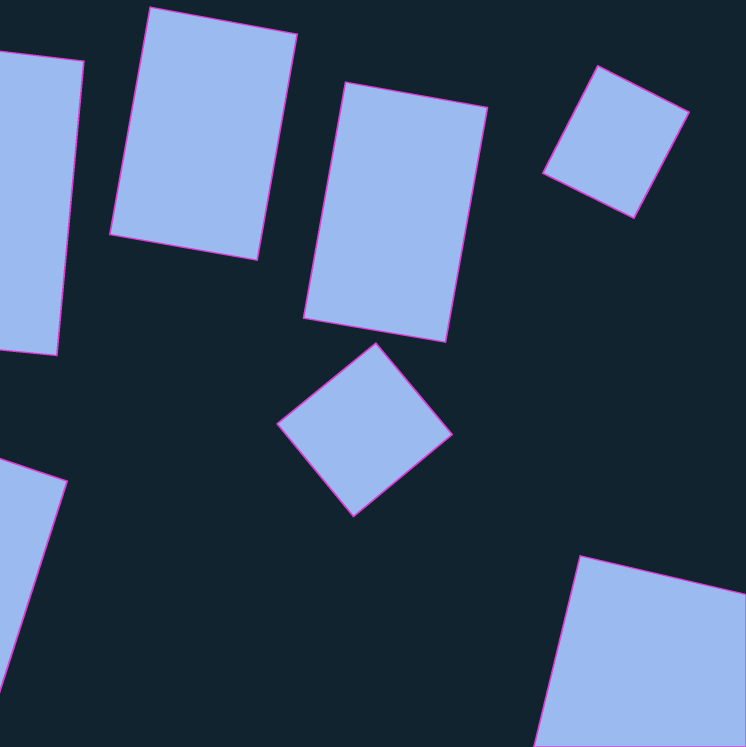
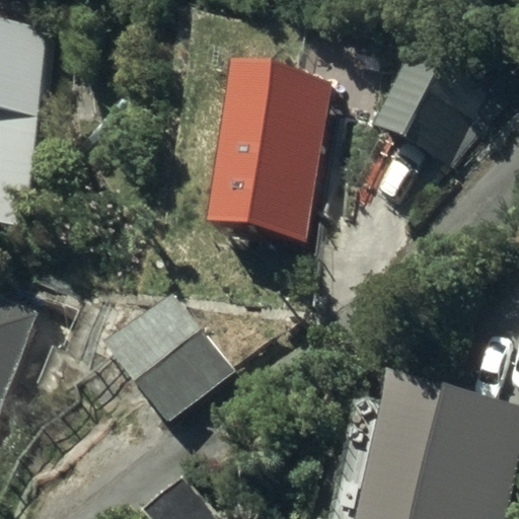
building: [110,7,297,260] -> none
building: [277,343,452,517] -> [108,305,227,423]

